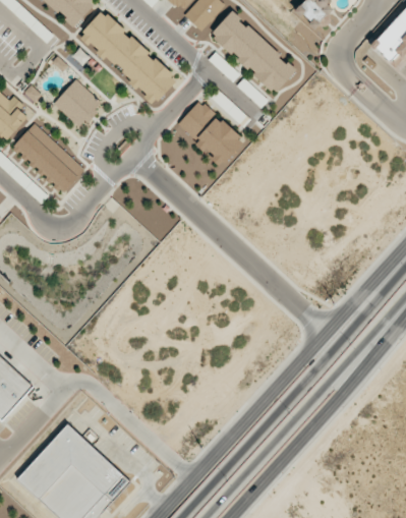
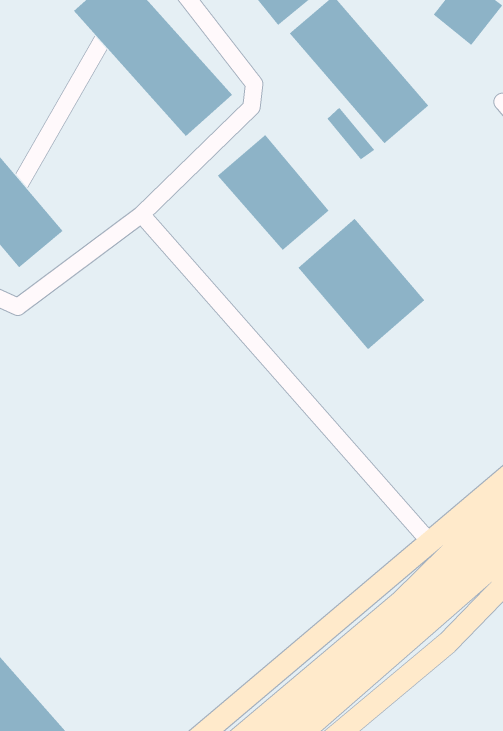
building: [51,77,103,128] -> none
building: none -> [297,218,425,350]

